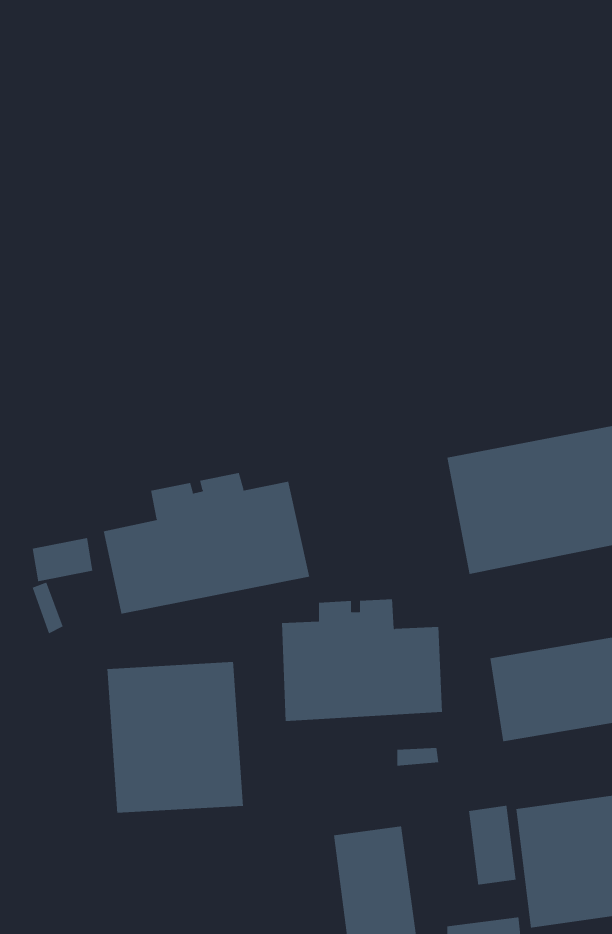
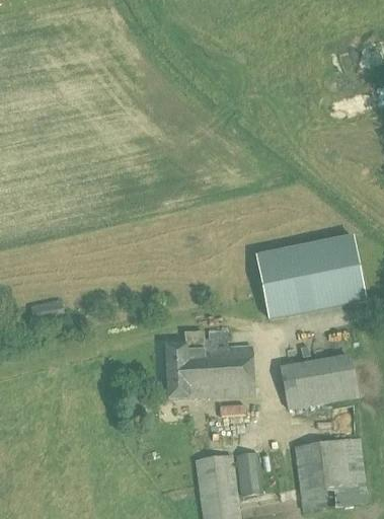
building: [103,472,310,614] -> none
building: [107,661,243,814] -> none
building: [468,805,516,885] -> [236,452,262,496]

